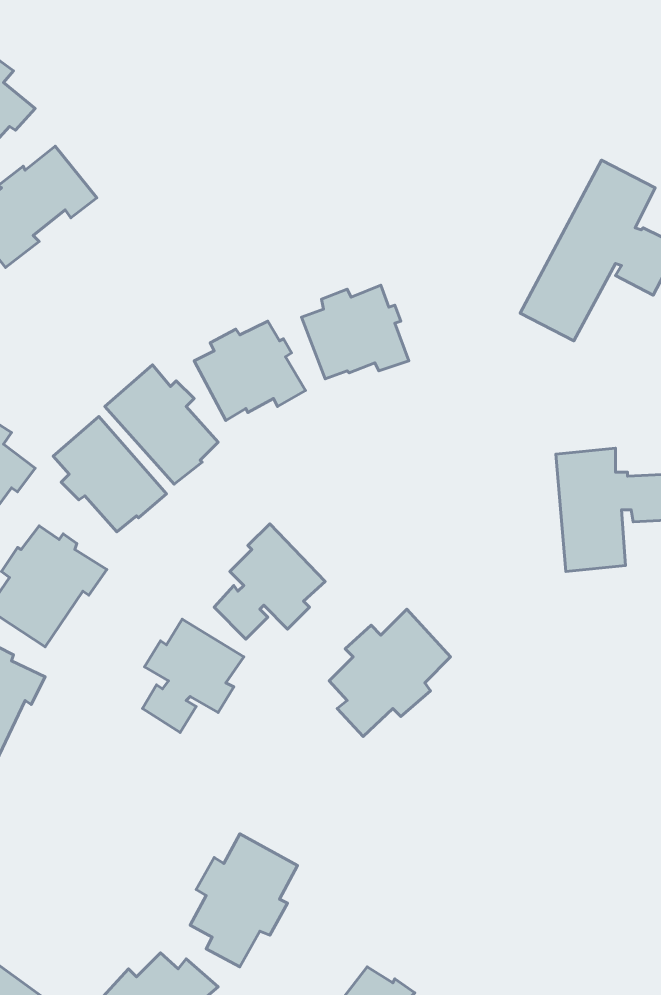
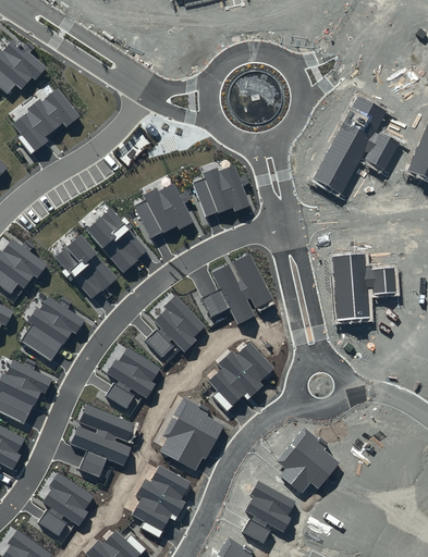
building: none -> [199,253,273,324]
building: none -> [159,396,223,470]
building: none -> [69,404,134,478]
building: none -> [276,428,339,494]
building: none -> [36,472,91,536]
building: none -> [241,481,294,544]

